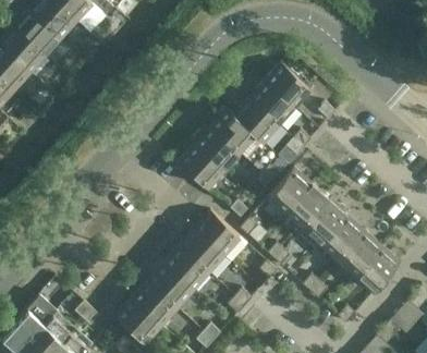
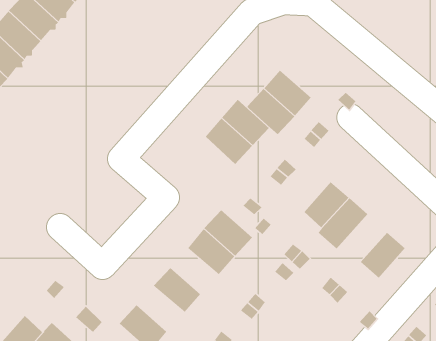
building: [264,63,309,108] -> none
building: [178,144,222,188] -> none
building: [267,169,310,214] -> none
building: [320,216,363,260] -> none
building: [162,247,207,290] -> none
building: [355,247,399,292] -> none
building: [131,282,175,325] -> none

